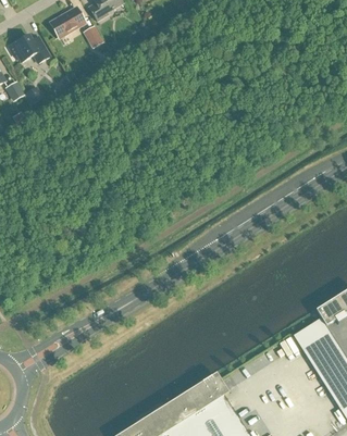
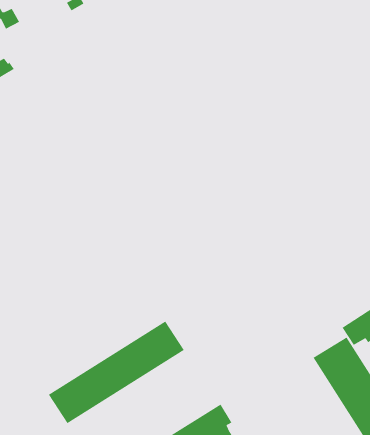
building: none -> [48,321,185,424]

